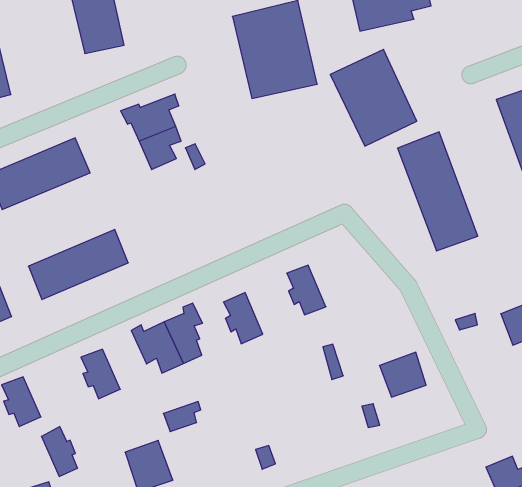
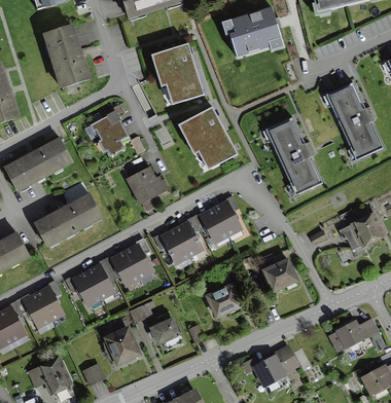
building: [330,49,417,146] -> [184,106,242,169]
building: none -> [128,167,167,202]
building: none -> [214,203,240,234]
building: none -> [175,223,201,255]
building: none -> [86,265,112,297]
building: none -> [207,286,238,315]
building: [41,427,78,476] -> [37,287,62,319]
building: none -> [151,319,181,347]

